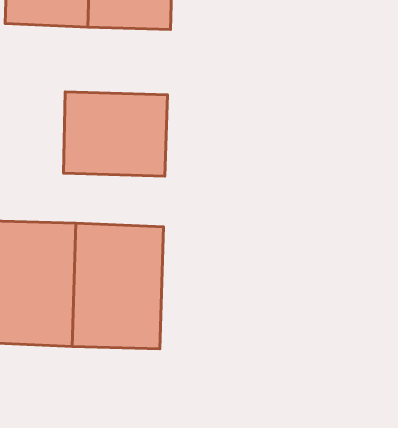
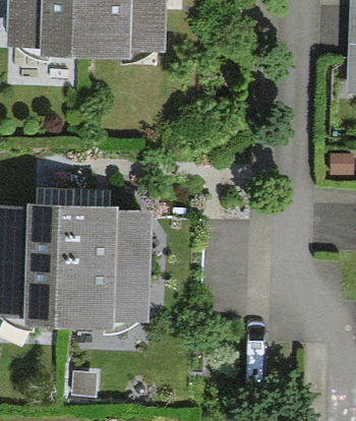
building: [64,92,167,176] -> none

